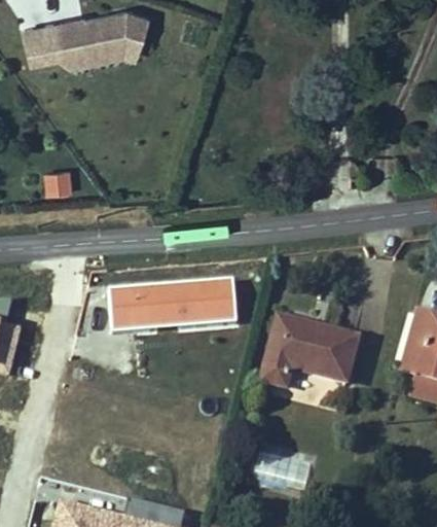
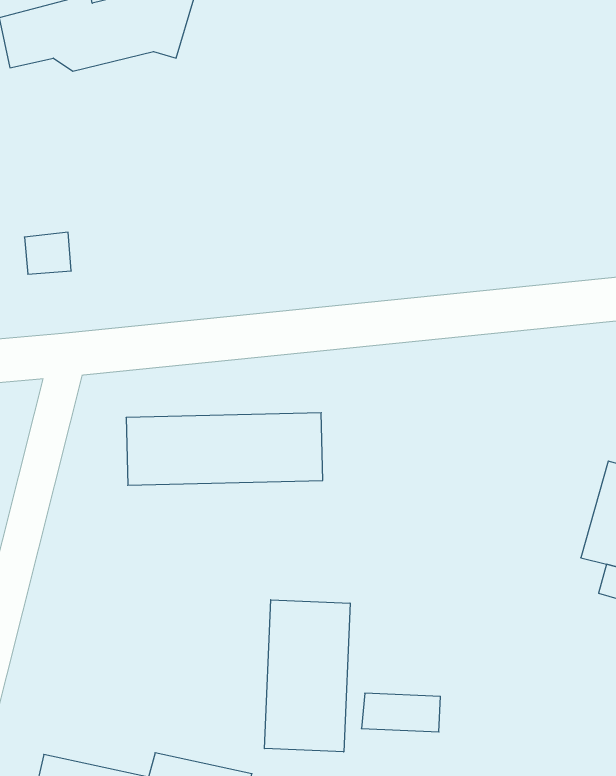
building: [261,320,357,389] -> none
building: none -> [264,600,350,752]

